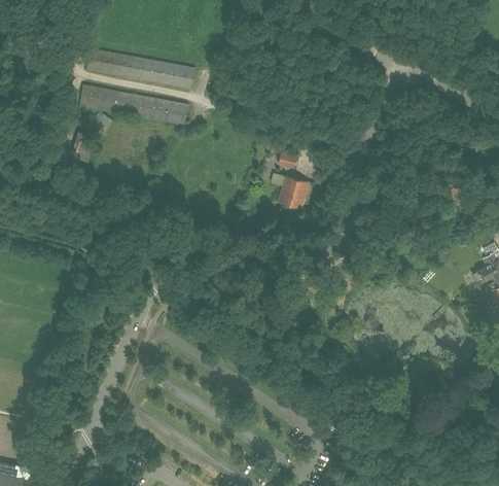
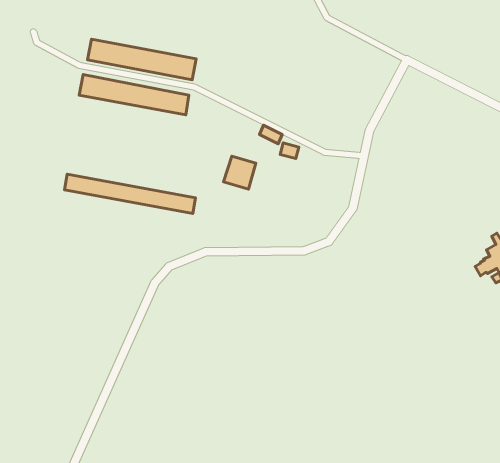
building: [278,175,310,208] -> [224,156,256,189]
building: none -> [65,174,196,214]

